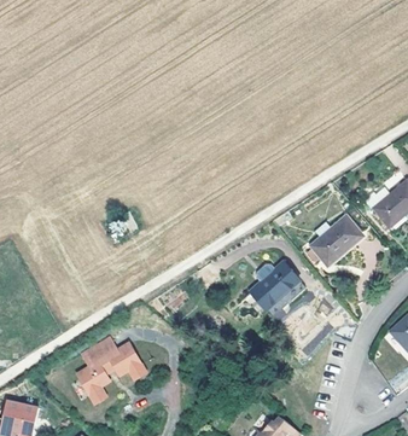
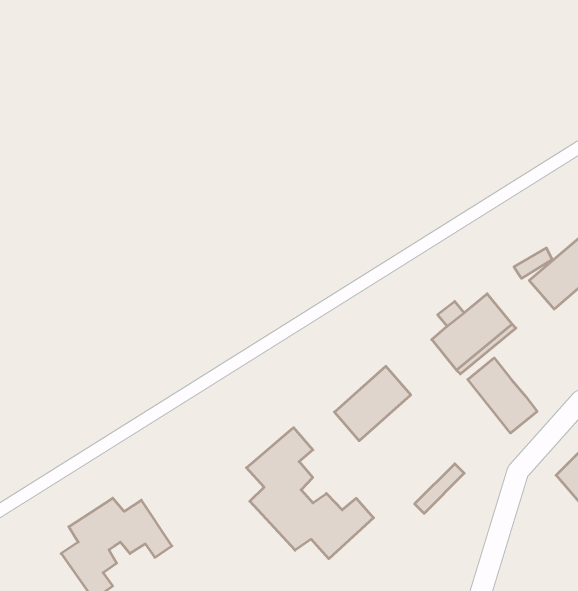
building: none -> [468,358,537,433]
building: none -> [246,428,374,559]

